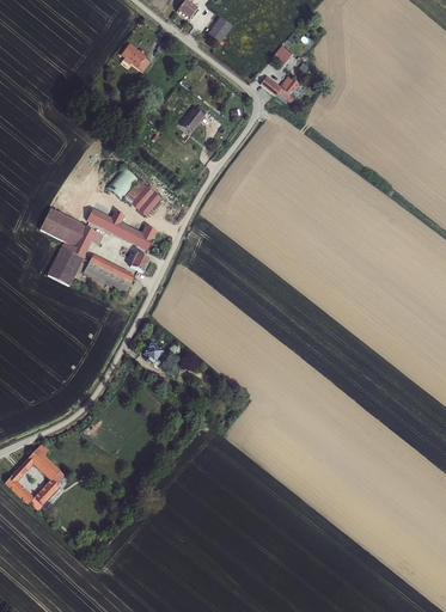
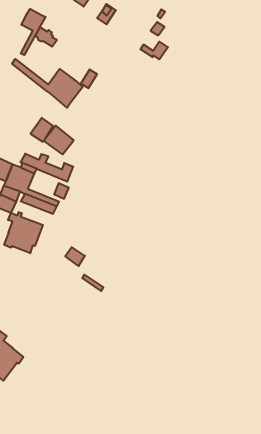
building: none -> [21,9,46,55]
building: none -> [12,59,83,108]
building: none -> [4,212,43,253]

